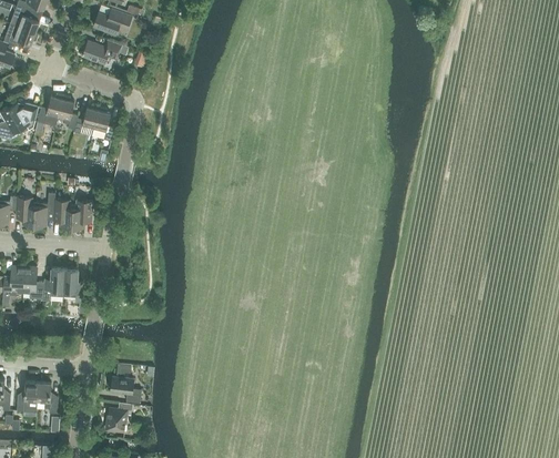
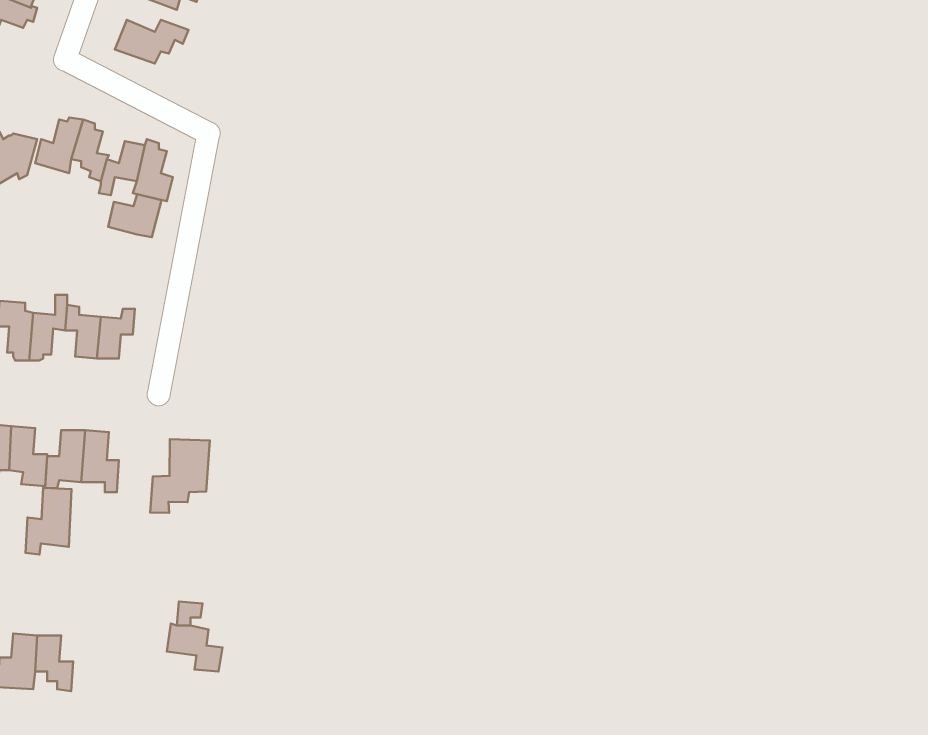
building: none -> [108,194,161,237]
building: none -> [150,439,210,513]
building: none -> [26,488,71,554]
building: [105,403,132,431] -> none

